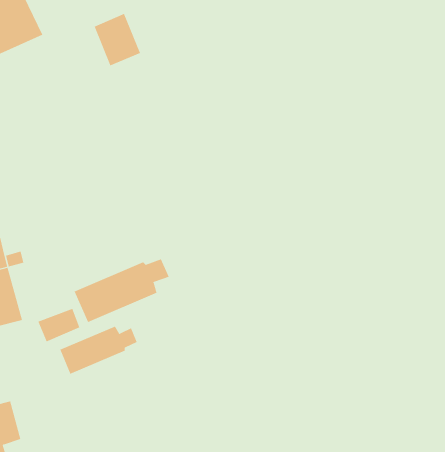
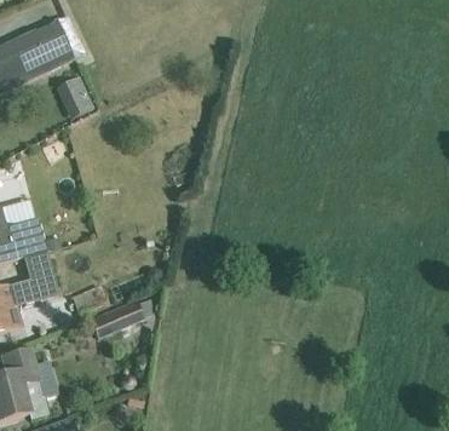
building: [94,13,141,66] -> [58,74,97,117]
building: [74,259,170,323] -> none

